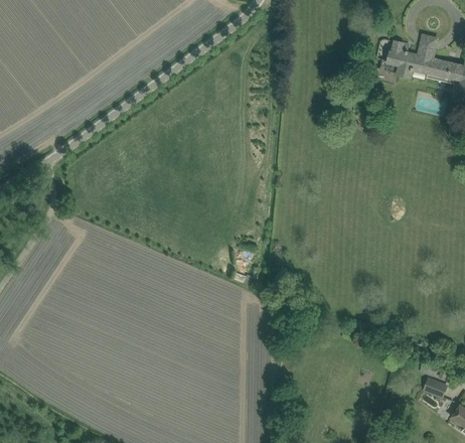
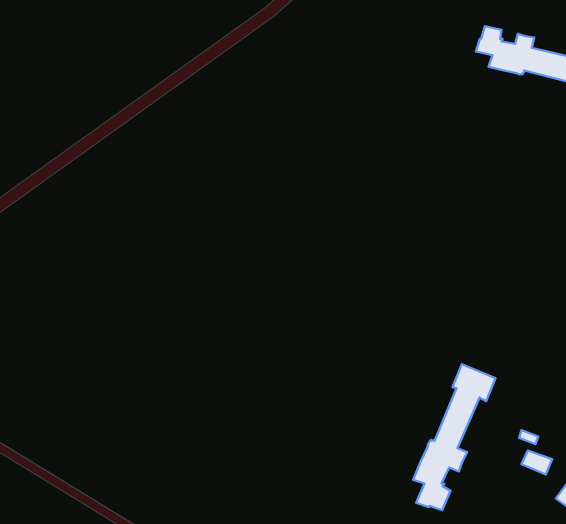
building: none -> [413,364,495,510]

